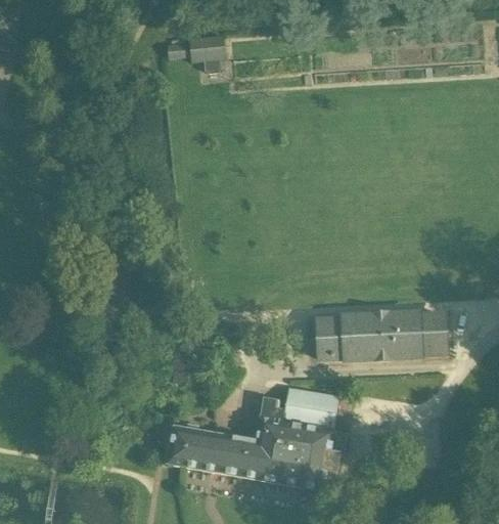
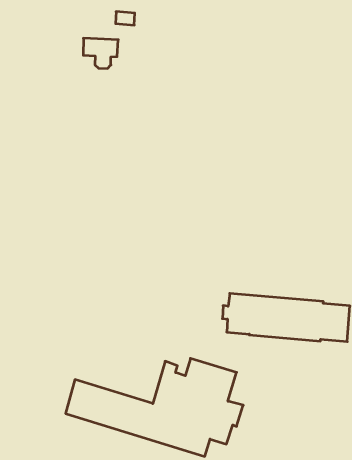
building: [188,40,225,72] -> [83,38,118,68]

